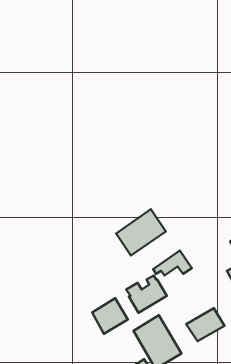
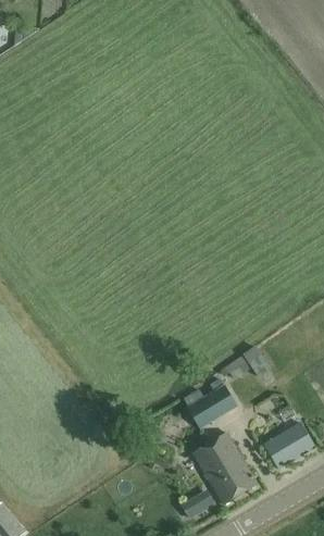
building: [116,209,166,255] -> none
building: [92,298,128,334] -> none

